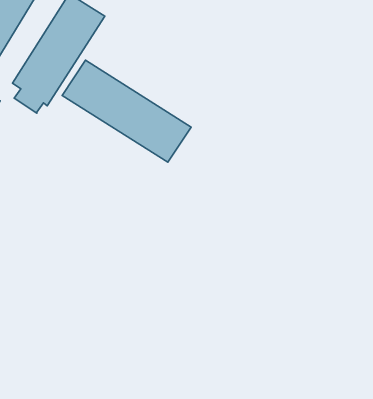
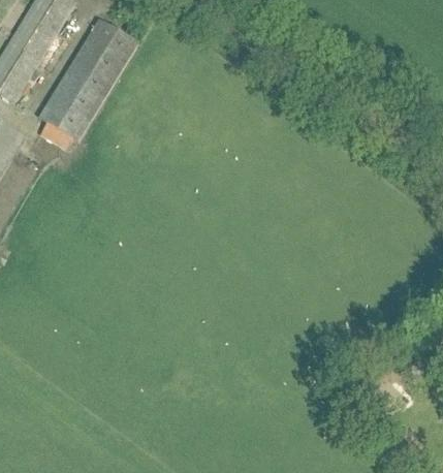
building: [62,60,191,162] -> none

